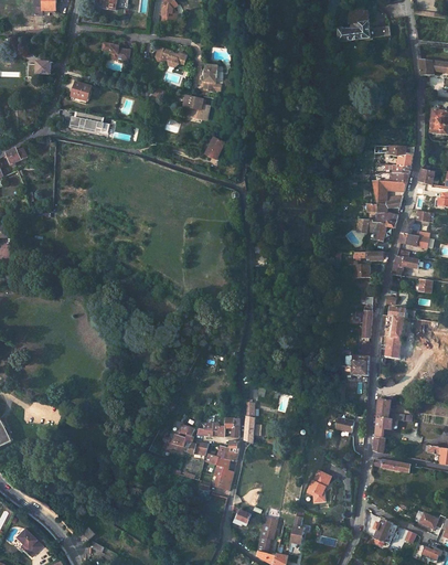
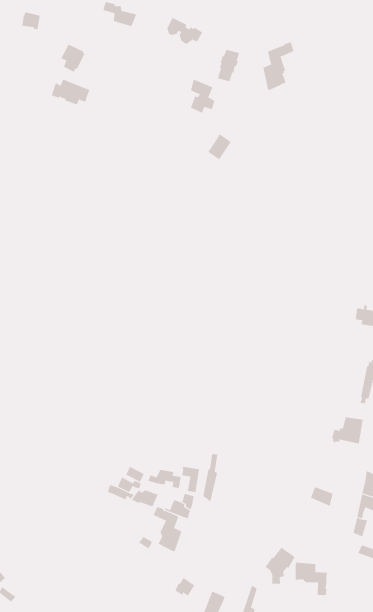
building: none -> [263,42,294,92]
building: none -> [294,562,327,596]

